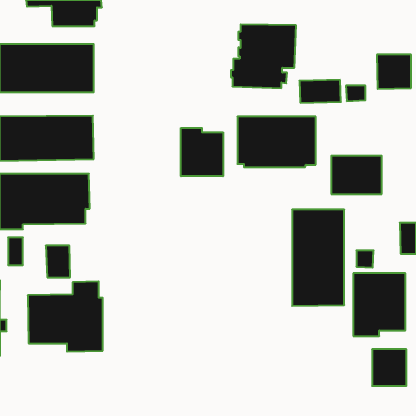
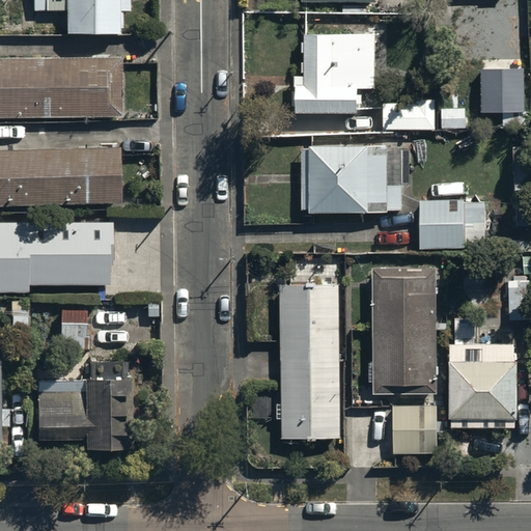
building: [181,128,223,176] -> none
building: none -> [277,282,341,437]
building: [372,349,406,386] -> [390,406,434,452]

